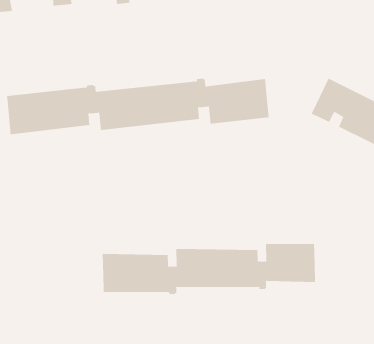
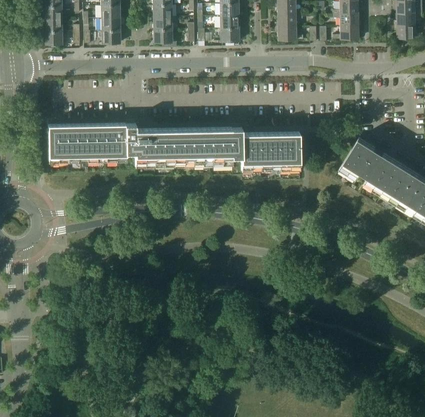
building: [102,243,316,295] -> none

